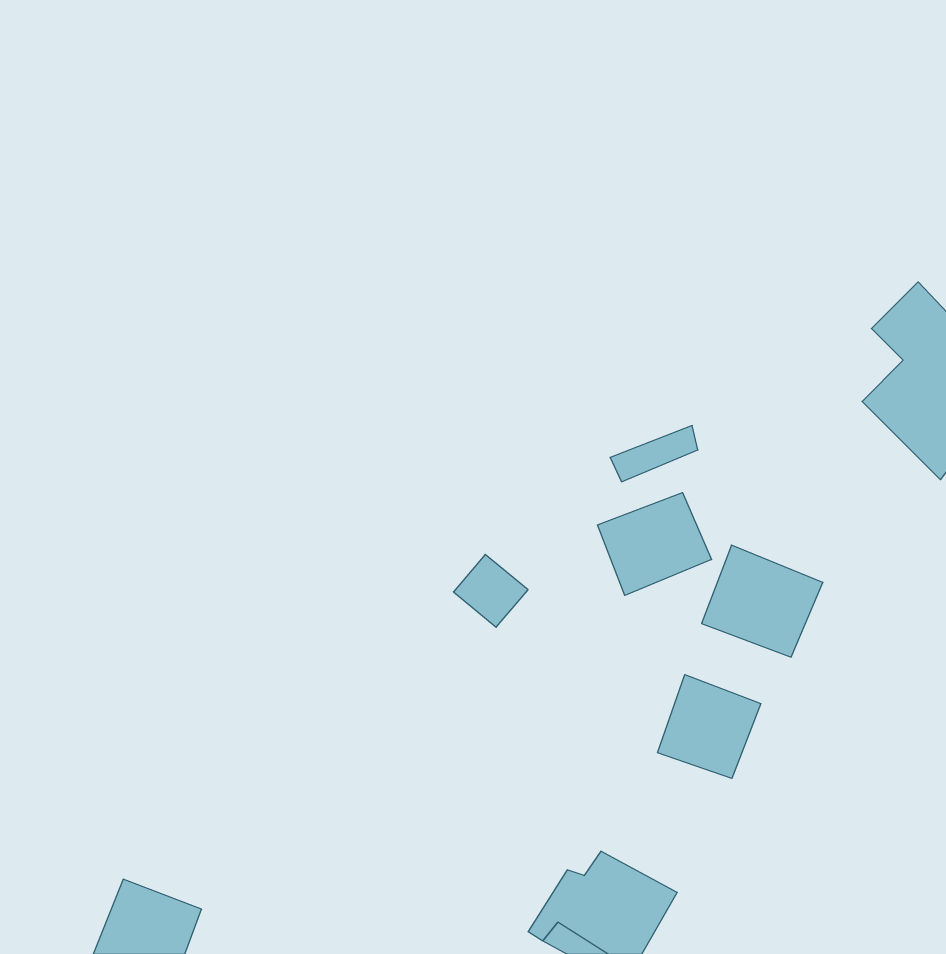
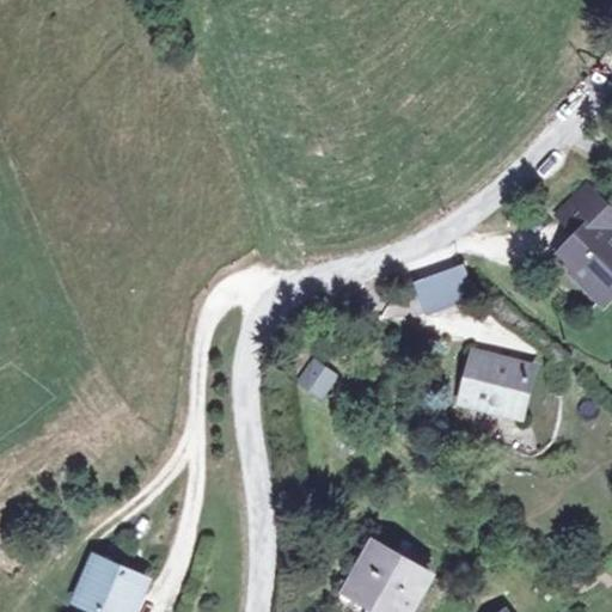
building: [598,493,712,595] -> none
building: [657,675,761,778] -> none

